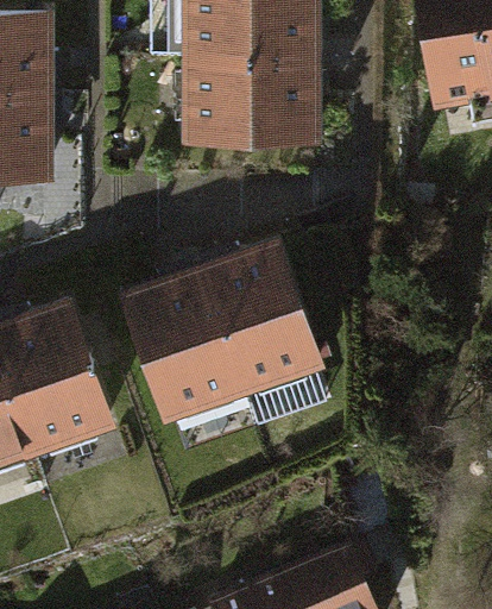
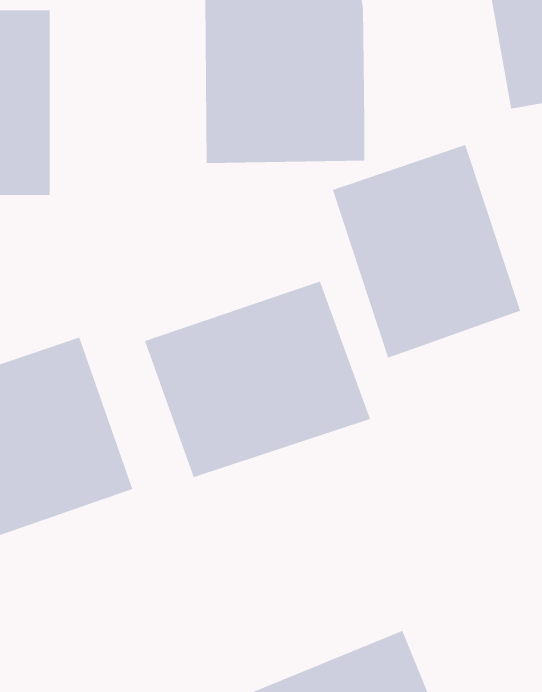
building: none -> [332,144,521,359]

